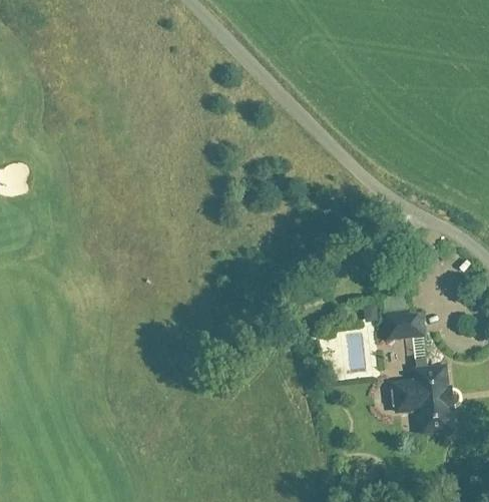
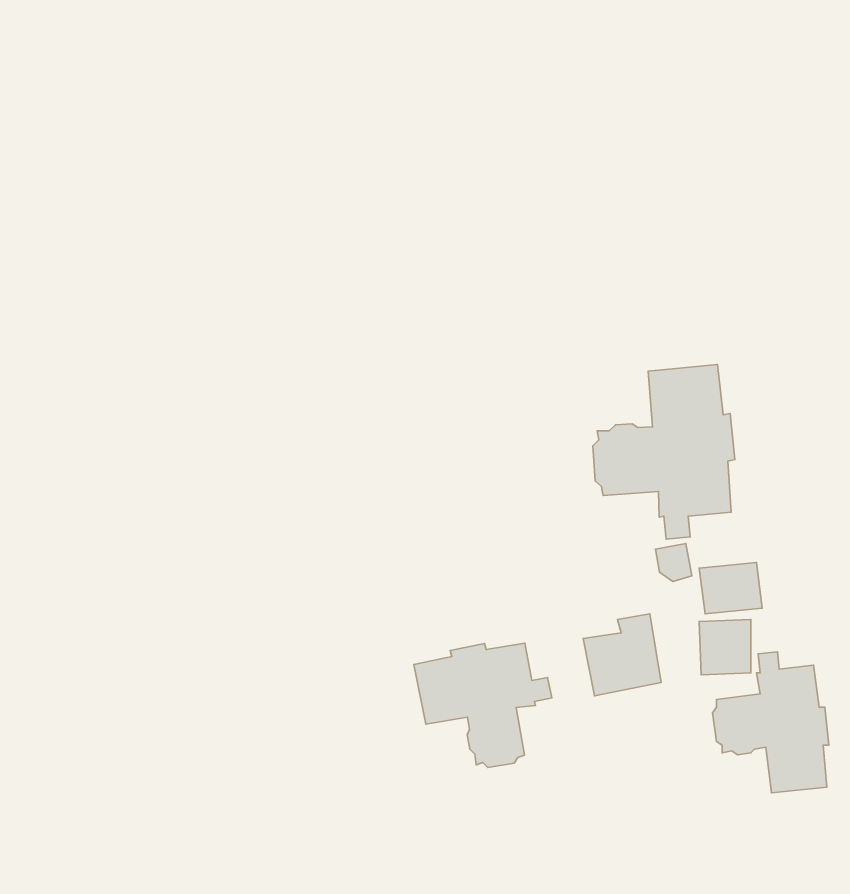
building: none -> [593,364,735,539]
building: none -> [414,643,552,767]

